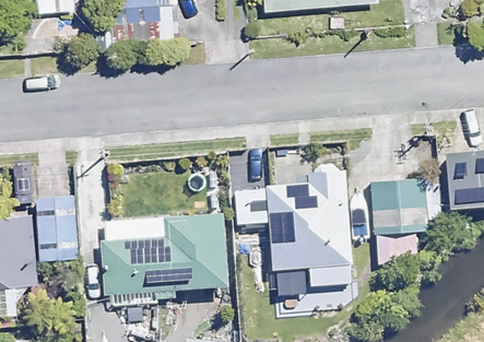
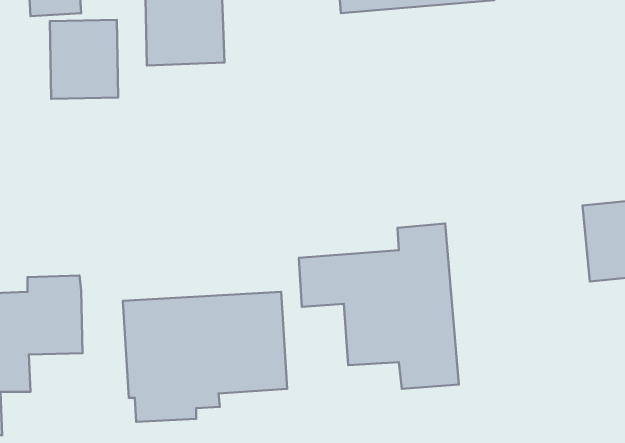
building: none -> [50,20,118,99]
building: [370,178,426,260] -> none

